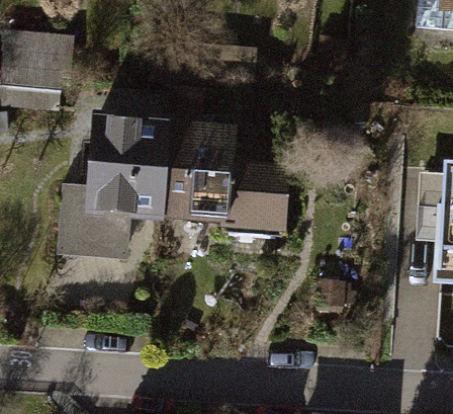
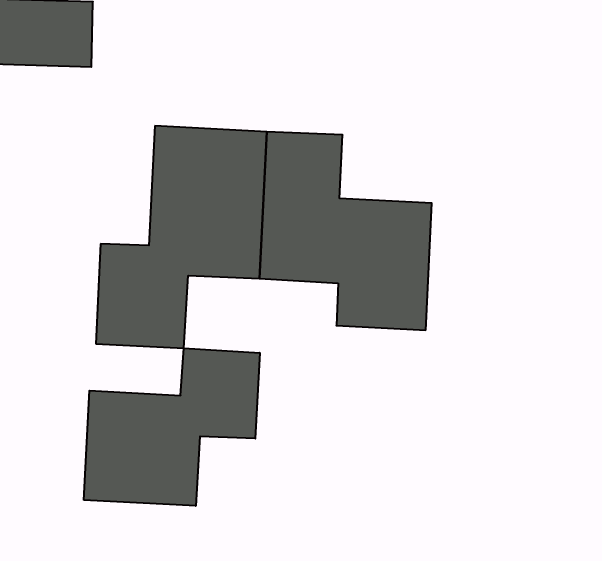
building: none -> [84,348,260,506]

